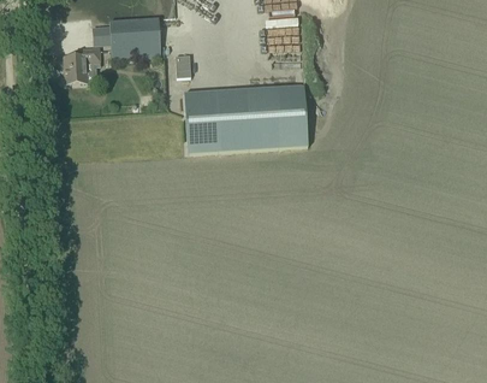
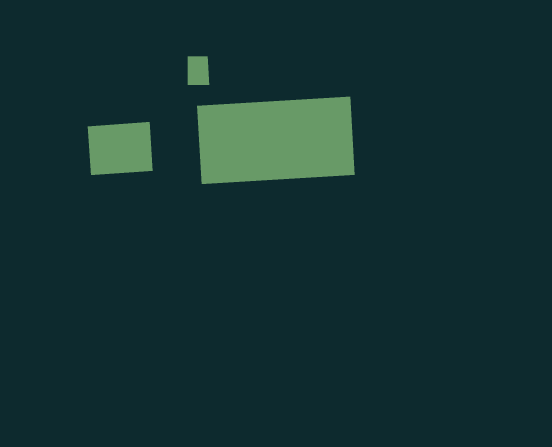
building: [109,17,161,59] -> [87,121,154,176]
building: [64,48,100,83] -> none

